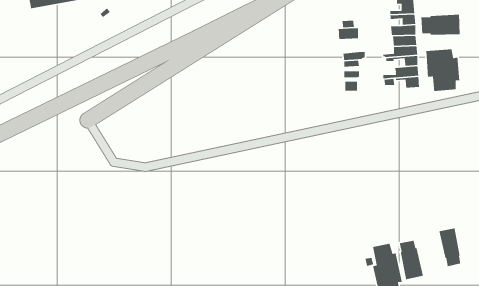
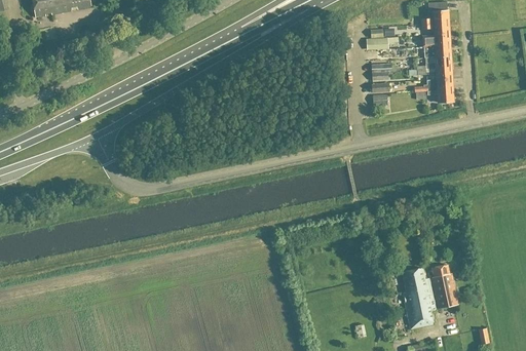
building: [421,14,461,35] -> none
building: [425,49,460,92] -> none
building: [438,227,461,267] -> none

